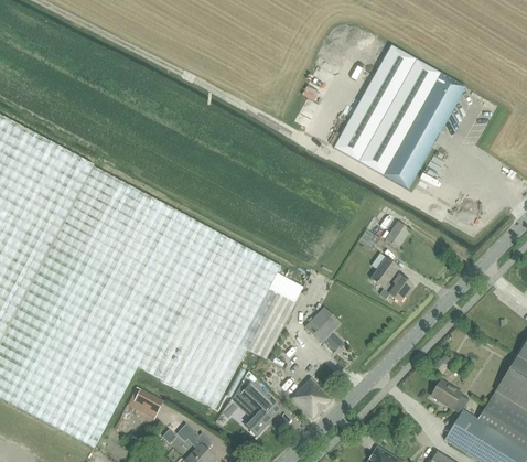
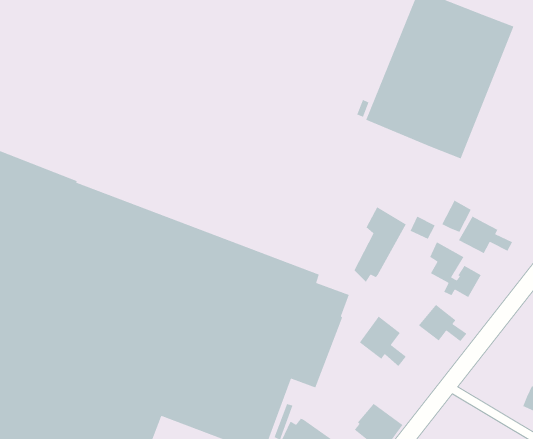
building: none -> [354,206,407,283]
building: none -> [458,216,513,254]
building: none -> [418,304,467,342]

